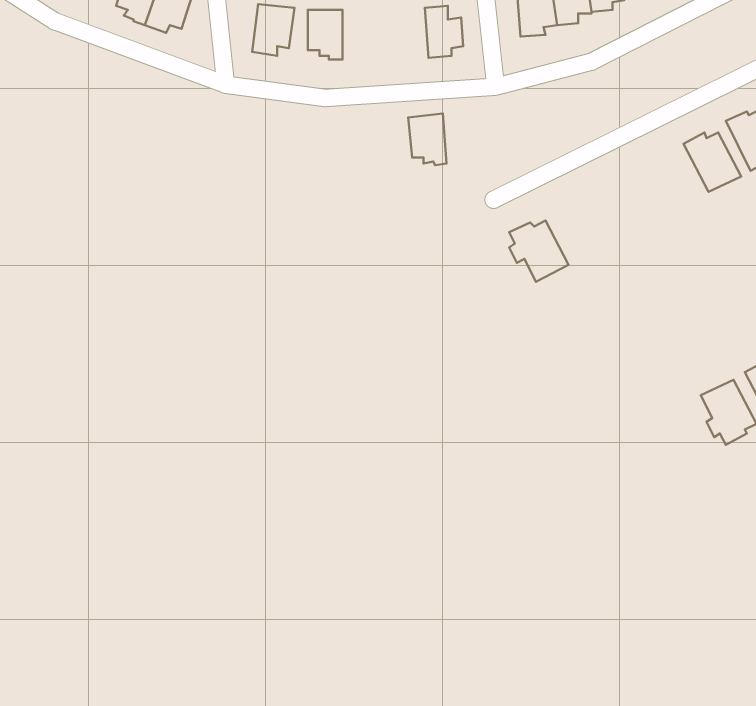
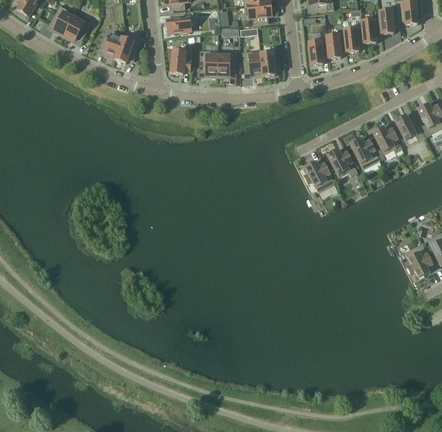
building: none -> [218,50,237,76]
building: [408,114,447,165] -> [243,49,263,76]
building: none -> [373,125,403,154]
building: none -> [351,137,381,169]
building: none -> [328,148,358,177]

